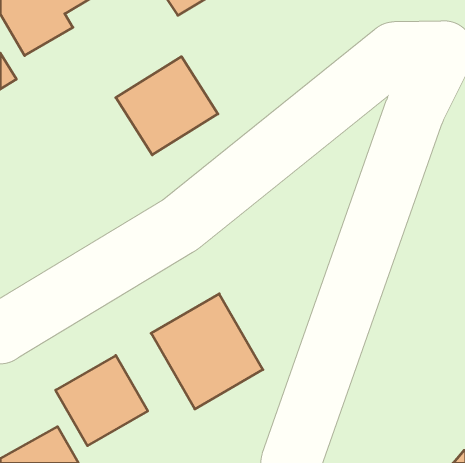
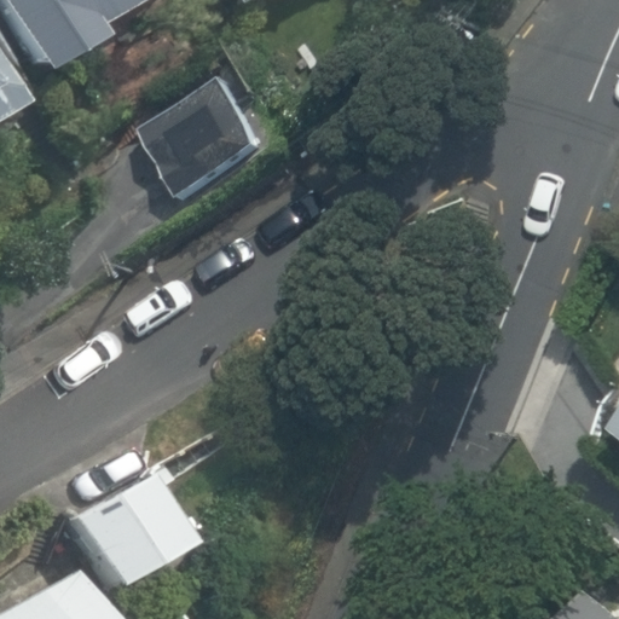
building: [151,294,263,409] -> none

